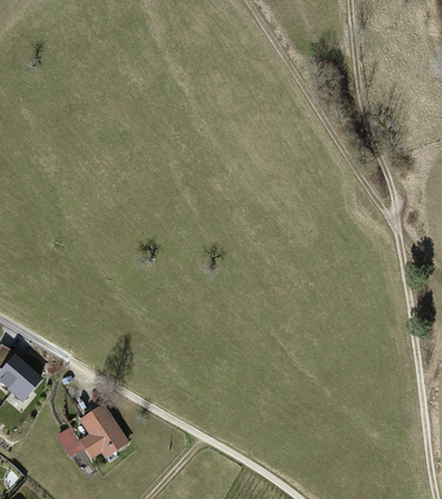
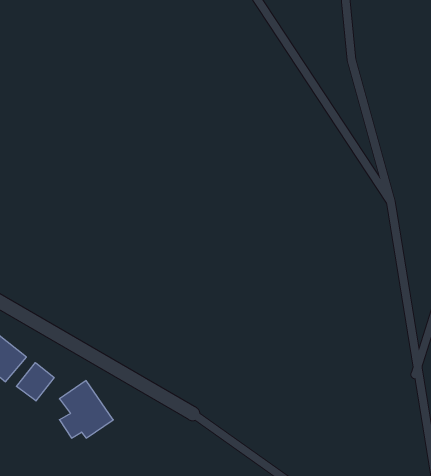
building: none -> [16,363,54,401]

